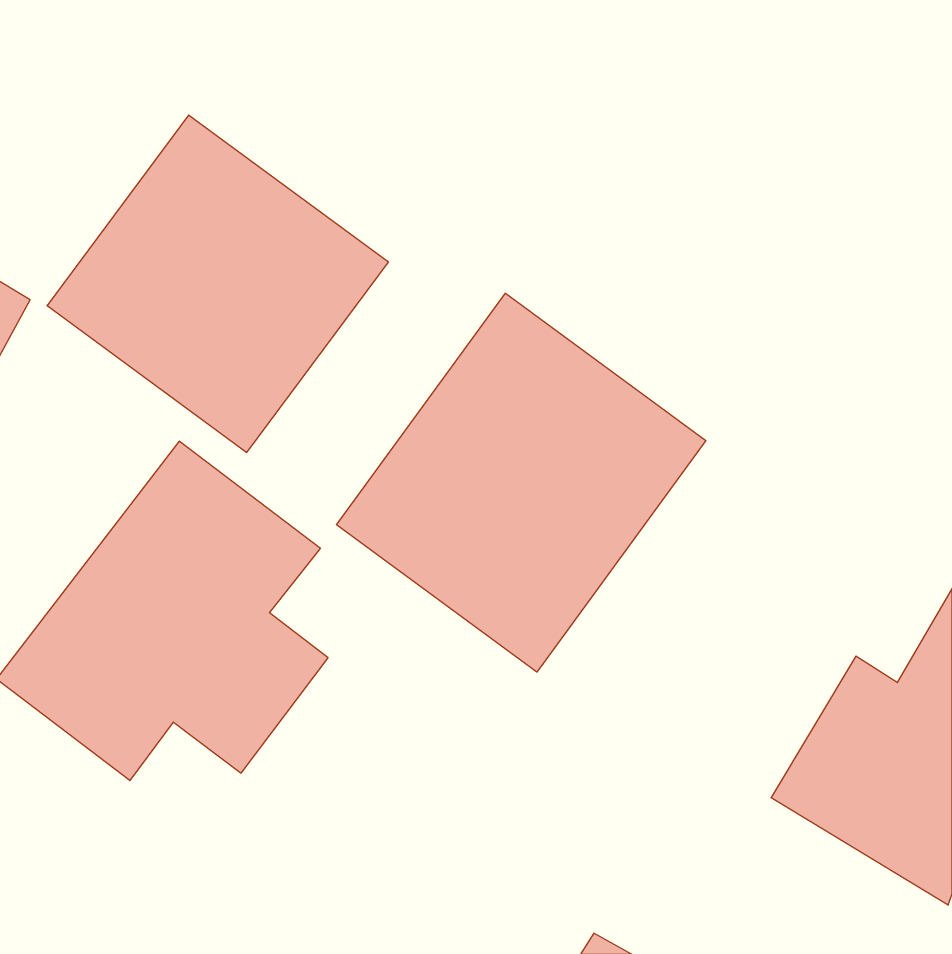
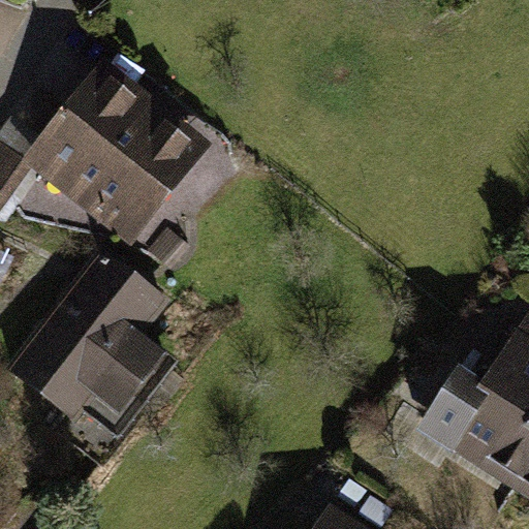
building: [336,293,706,672] -> none

